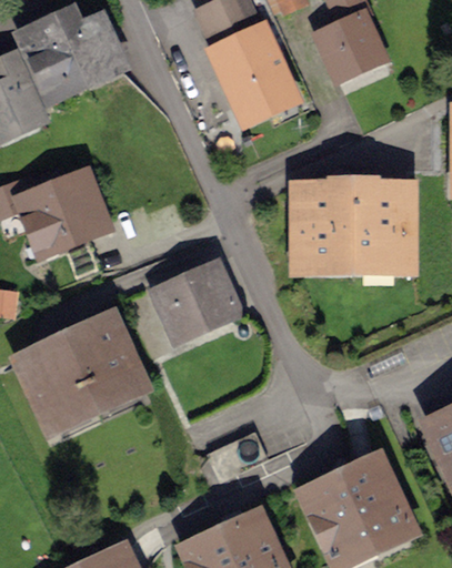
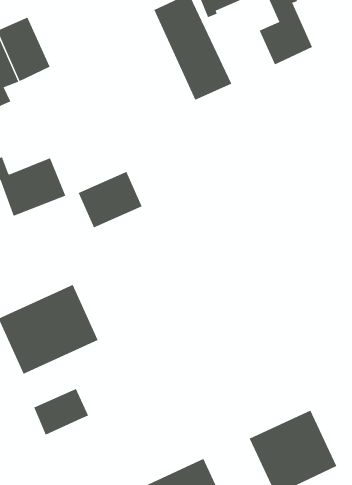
building: [59,14,120,77] -> none
building: [301,185,406,262] -> none
building: [161,270,234,334] -> [78,171,143,228]
building: none -> [33,388,89,435]

